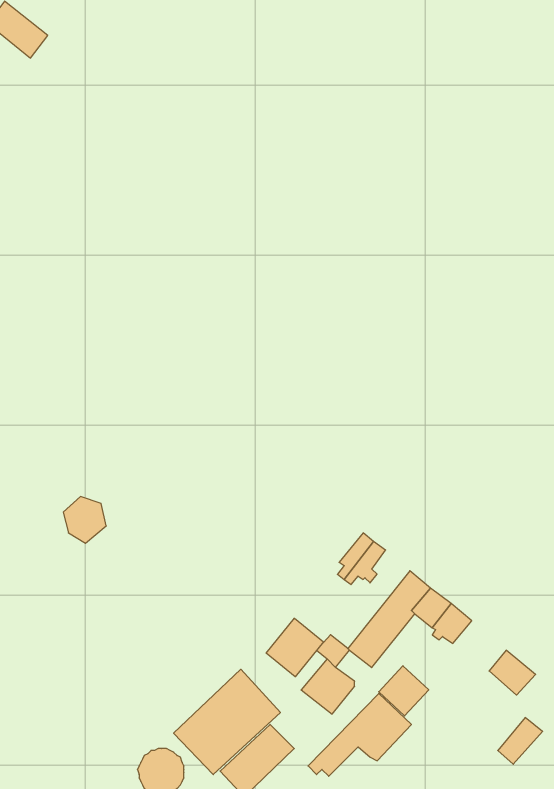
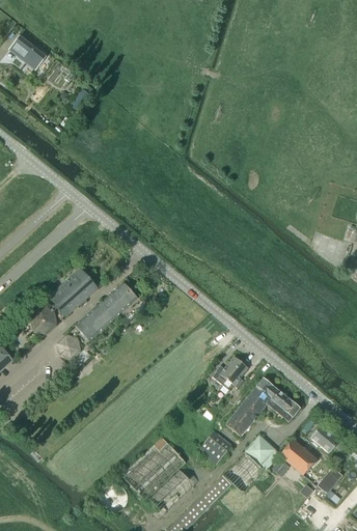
building: none -> [31,269,98,333]
building: none -> [75,282,137,341]
building: [266,618,323,677] -> none
building: none -> [275,439,317,474]

